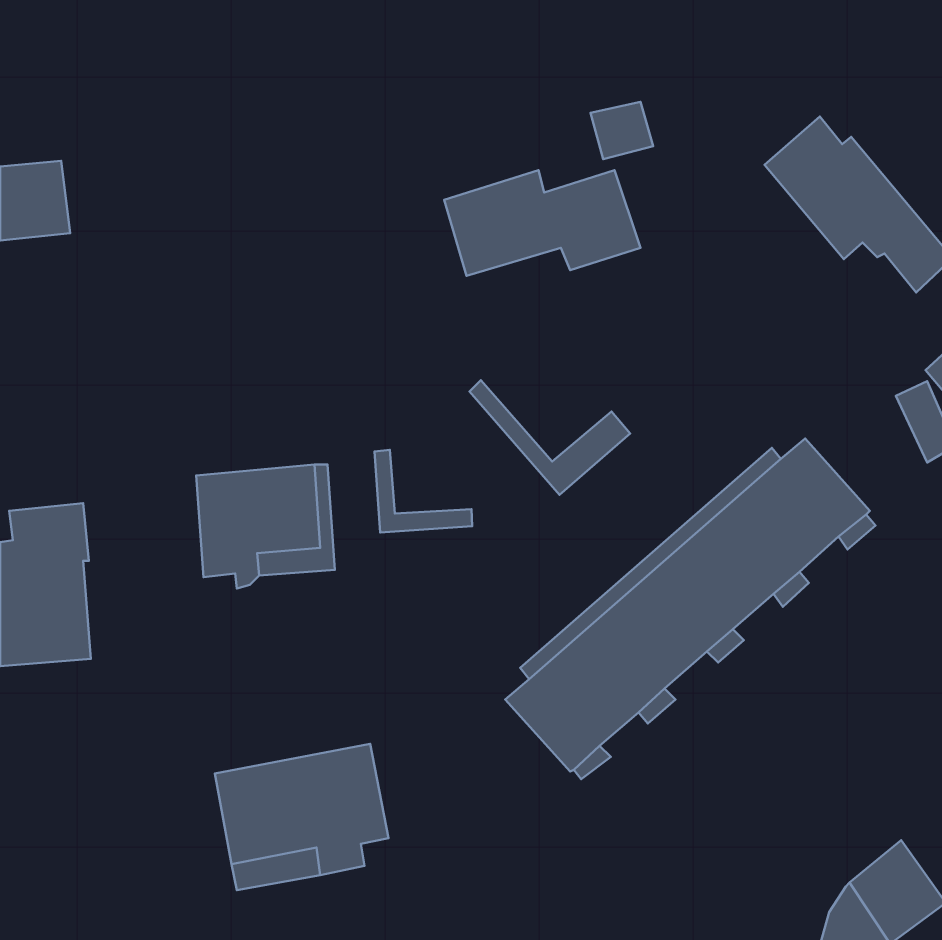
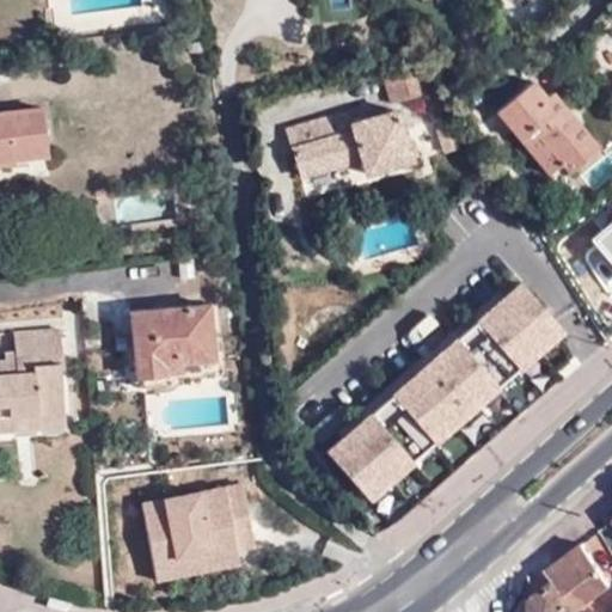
building: [470,380,630,495] -> none
building: [374,450,472,532] -> none

